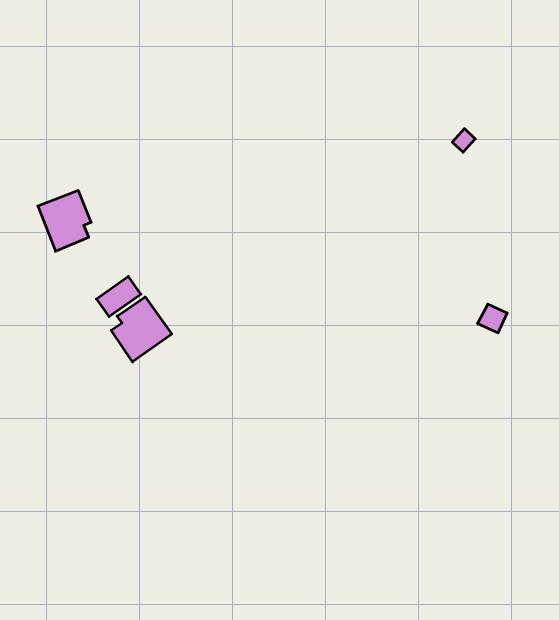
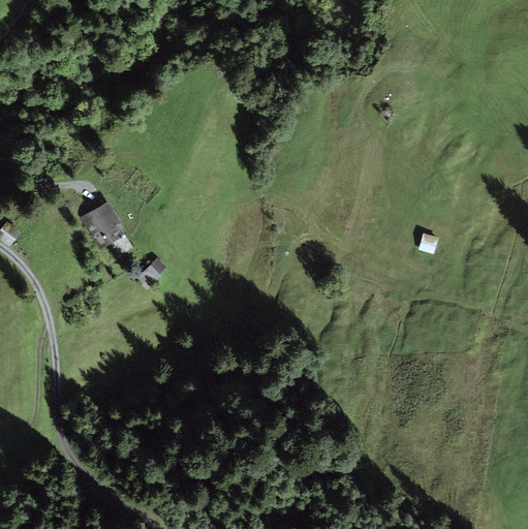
building: [111,297,172,362] -> none

